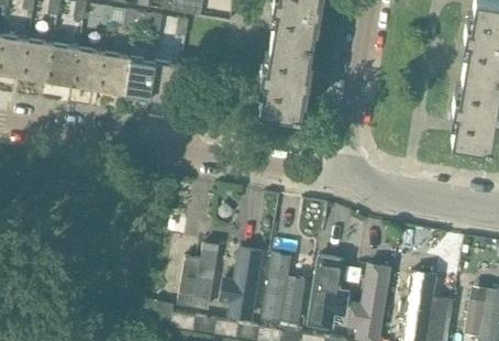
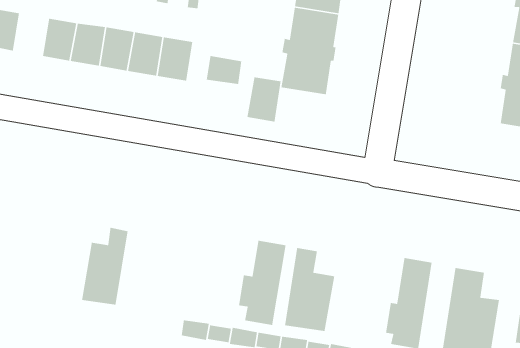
building: [24,43,55,81] -> none
building: none -> [206,55,242,85]
building: none -> [247,77,281,122]
building: [178,239,220,308] -> [81,227,129,305]
building: [309,255,352,329] -> none

